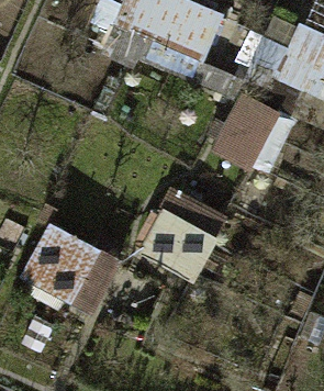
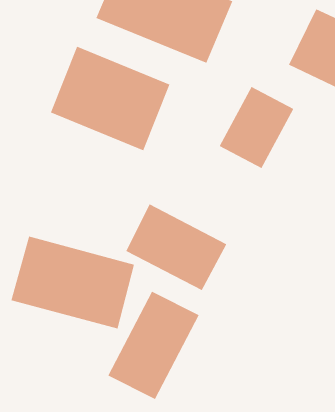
building: none -> [50,46,170,151]
building: none -> [108,291,199,400]

